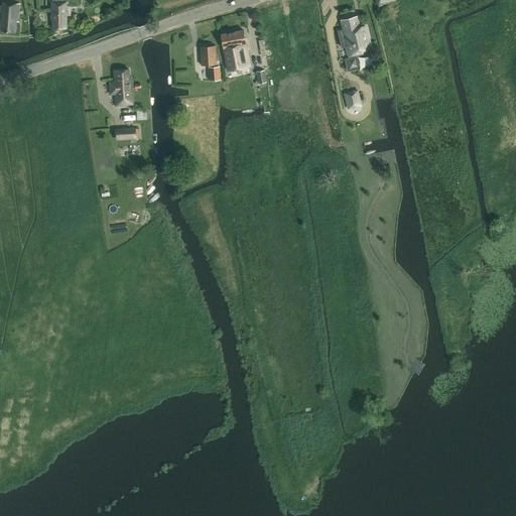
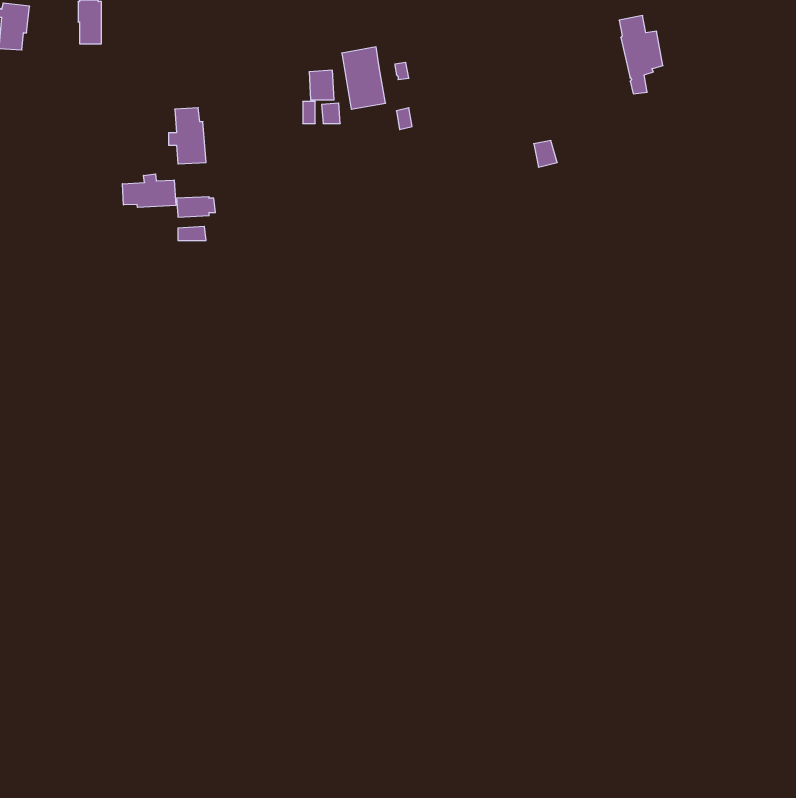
building: [341,16,369,67] -> [619,16,663,94]
building: none -> [122,174,176,207]

